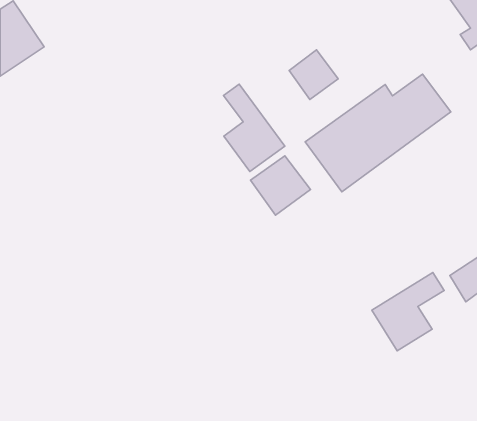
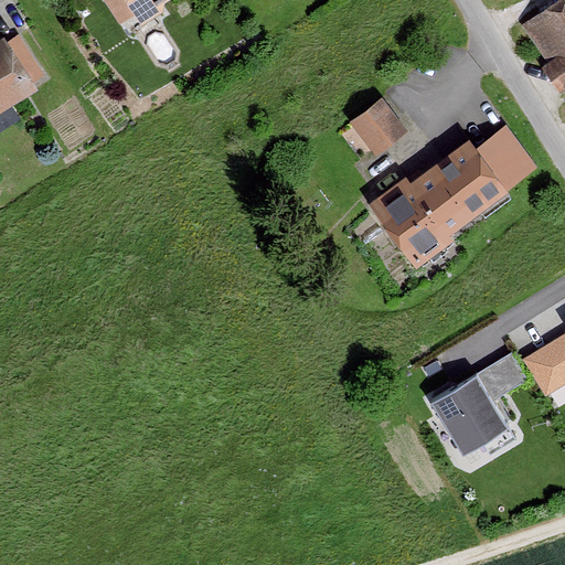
building: [223,84,285,172] -> none
building: [250,156,310,215] -> none

